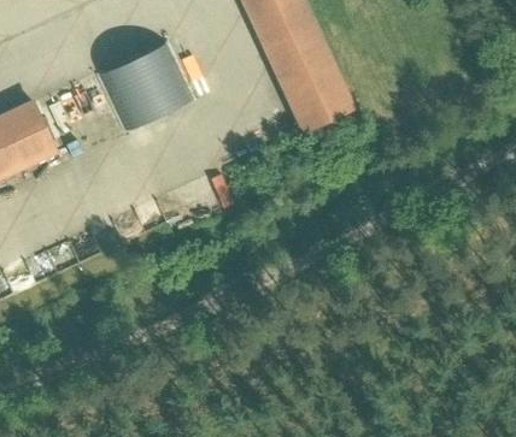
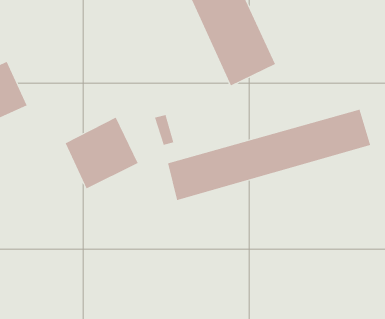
building: [102,42,190,129] -> [65,117,138,189]
building: none -> [167,109,371,201]

